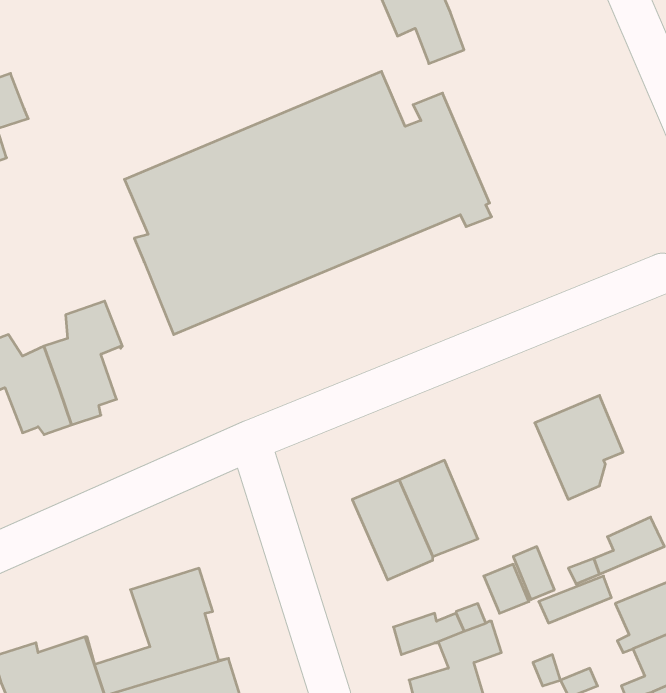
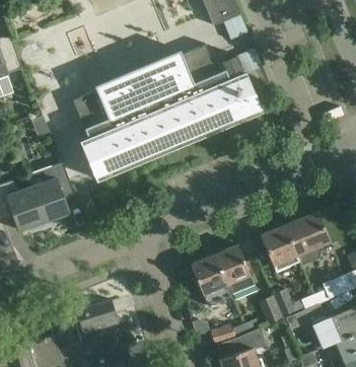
building: none -> [260,225,301,273]

